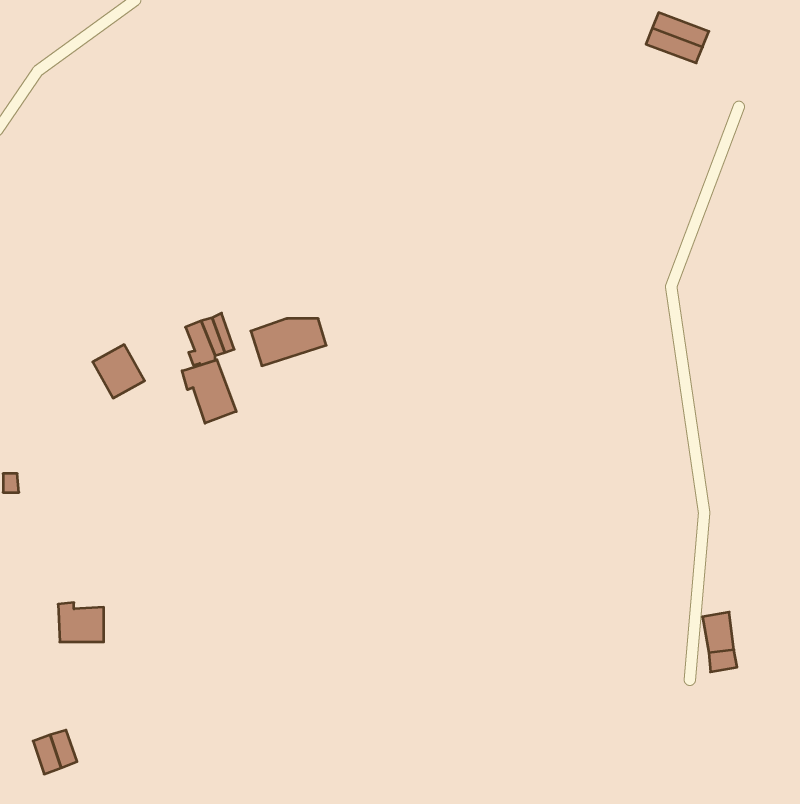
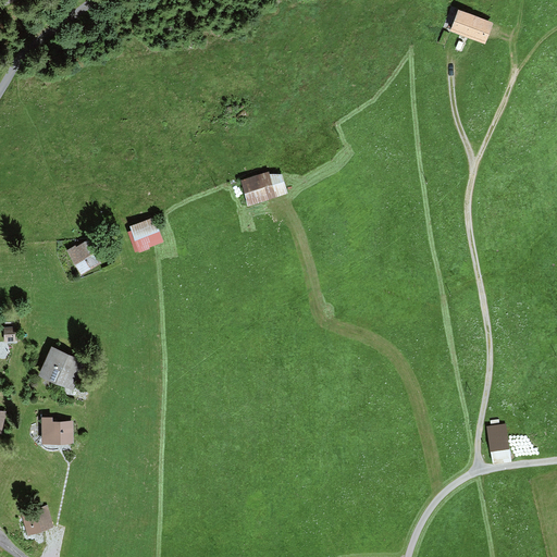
building: [251,319,326,366] -> [238,171,290,203]
building: [182,360,236,423] -> none
building: none -> [38,347,85,391]

